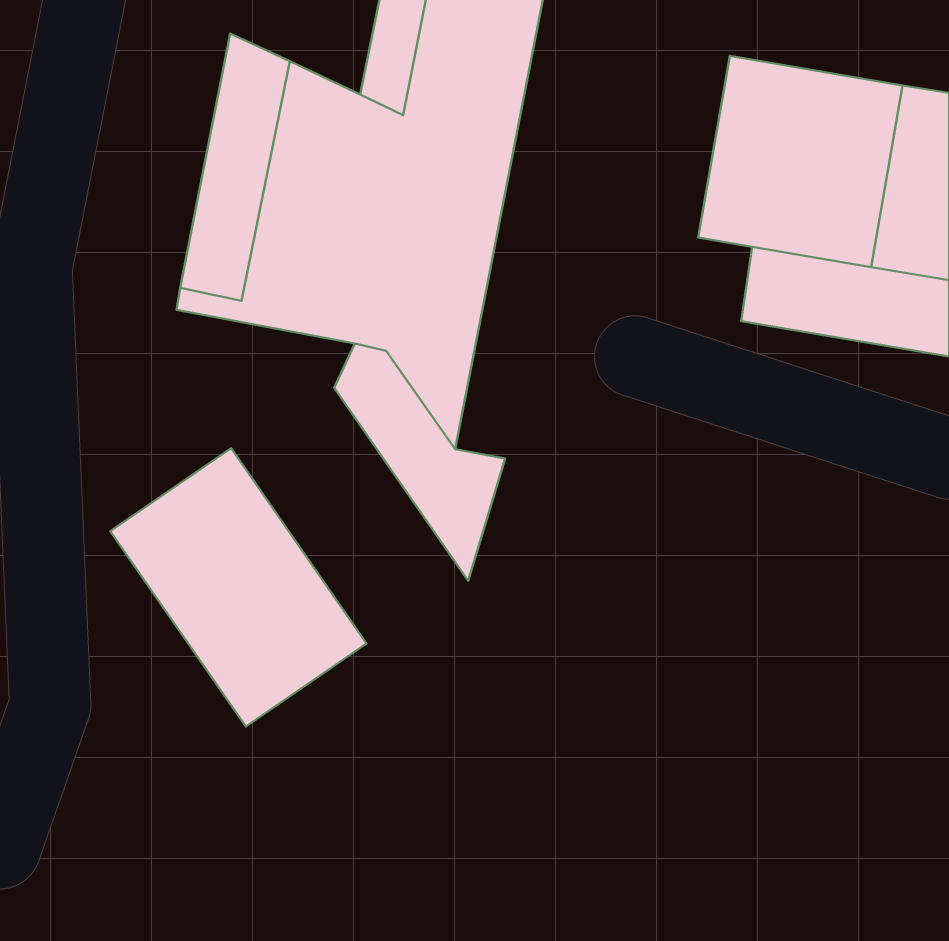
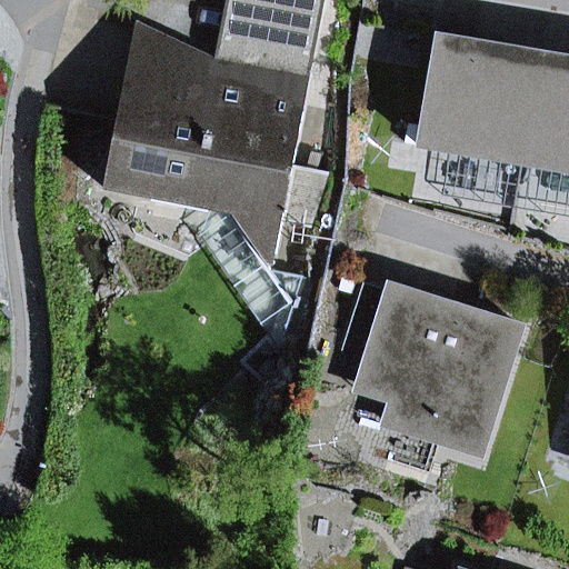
building: [110,448,366,727] -> none
building: none -> [356,281,522,452]

